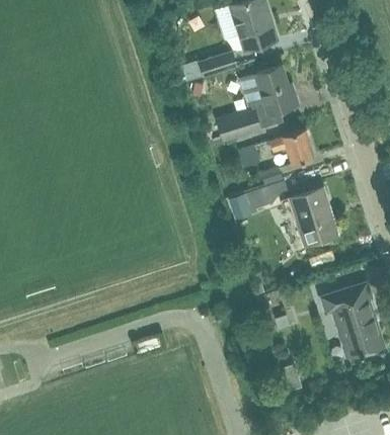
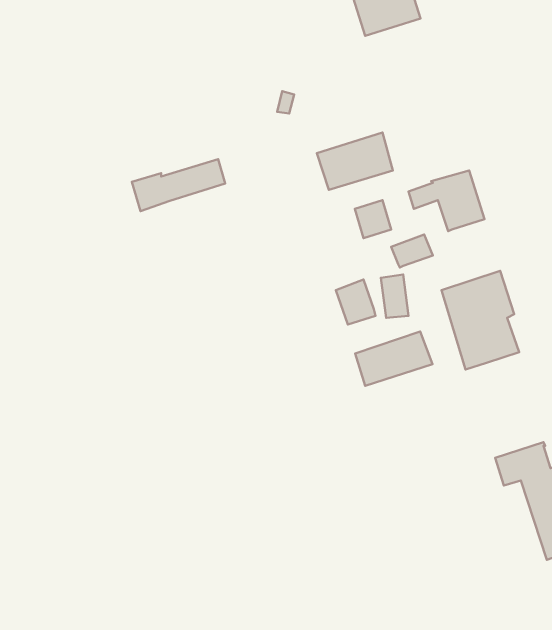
building: [181,53,236,83] -> [132,159,225,211]
building: [240,66,298,114] -> none
building: none -> [355,332,432,386]

